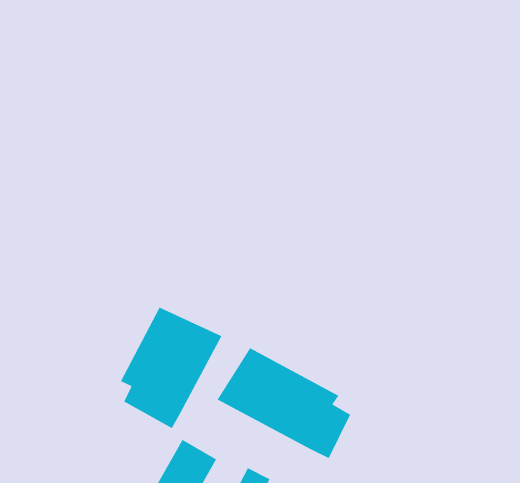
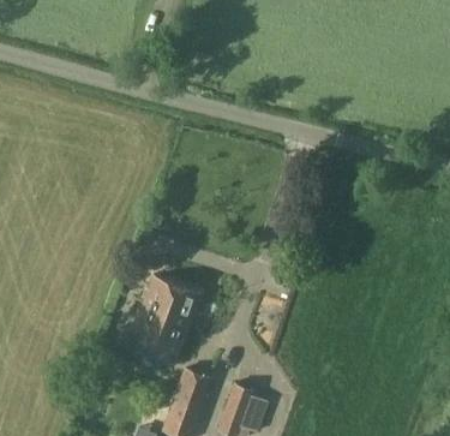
building: [216,347,351,459] -> none

